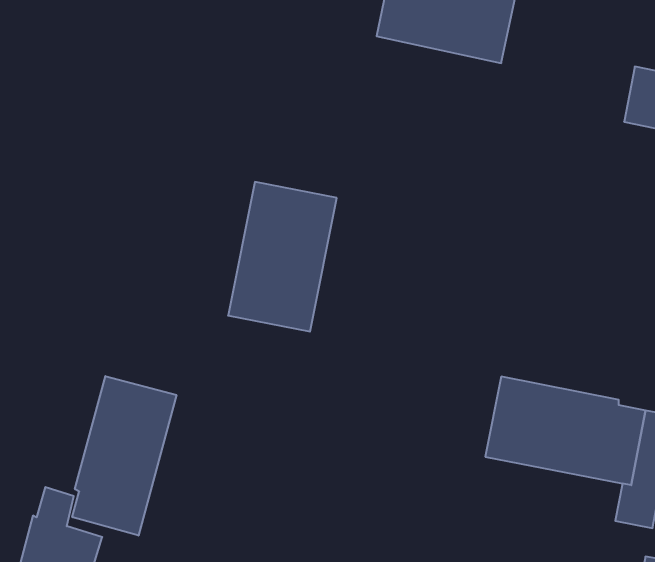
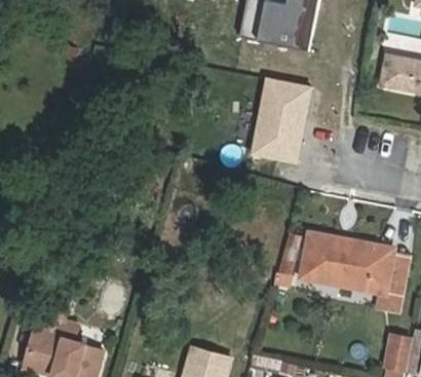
building: [228,182,337,332] -> [250,76,312,162]
building: [72,376,176,536] -> none

